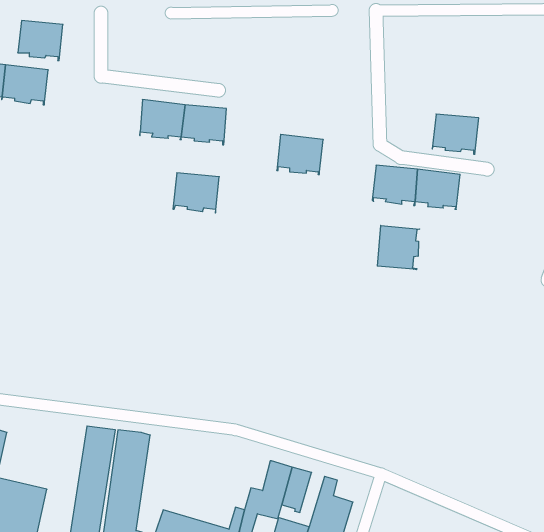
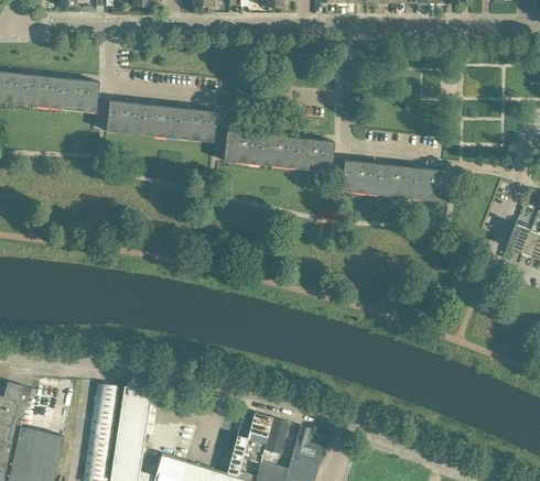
building: [18,21,63,61] -> [61,79,99,113]
building: none -> [106,101,144,135]
building: [432,114,479,154] -> [412,168,452,203]
building: none -> [295,139,334,173]
building: [173,173,219,213] -> [223,131,262,165]
building: [377,225,420,270] -> none

